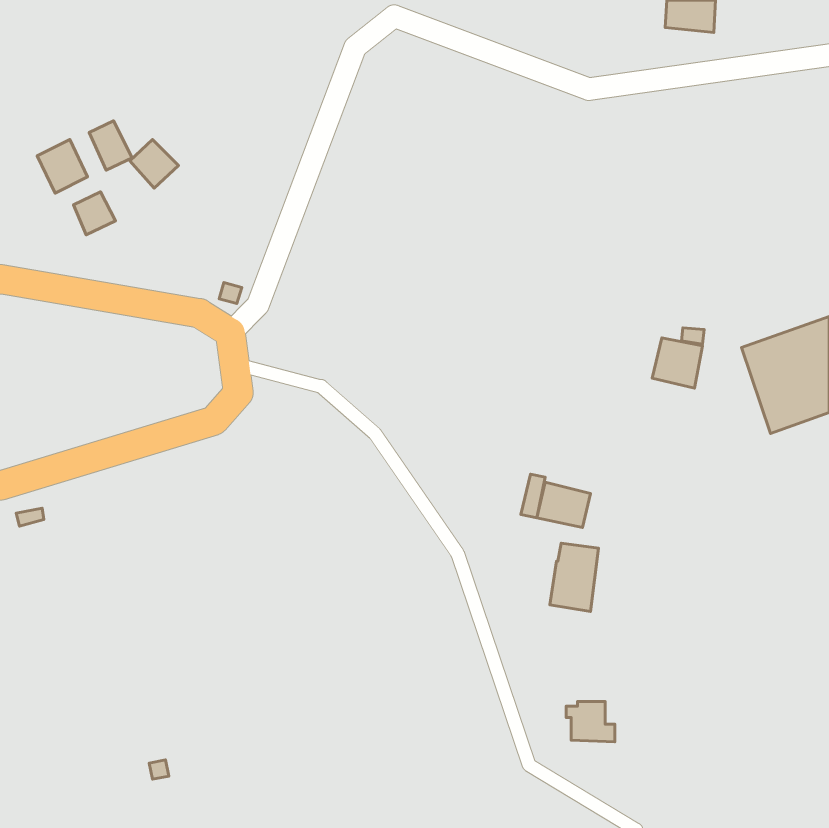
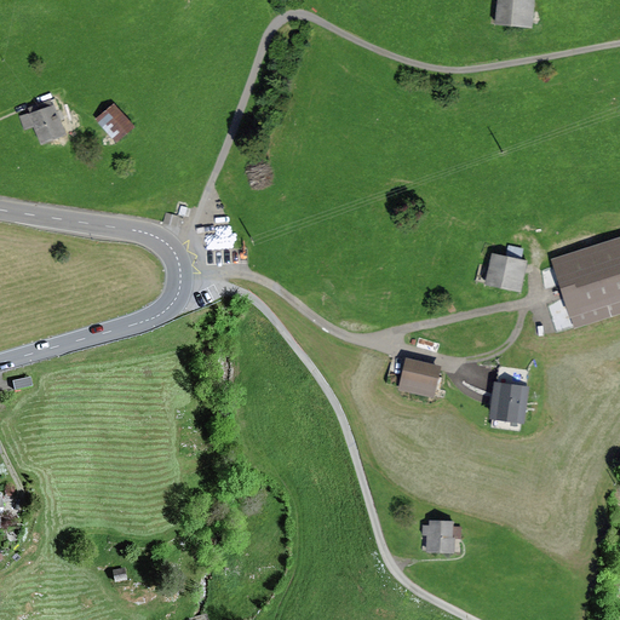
building: [89,121,132,170] -> none
building: [73,192,116,235] -> none
building: [550,543,599,611] -> [492,368,528,419]

